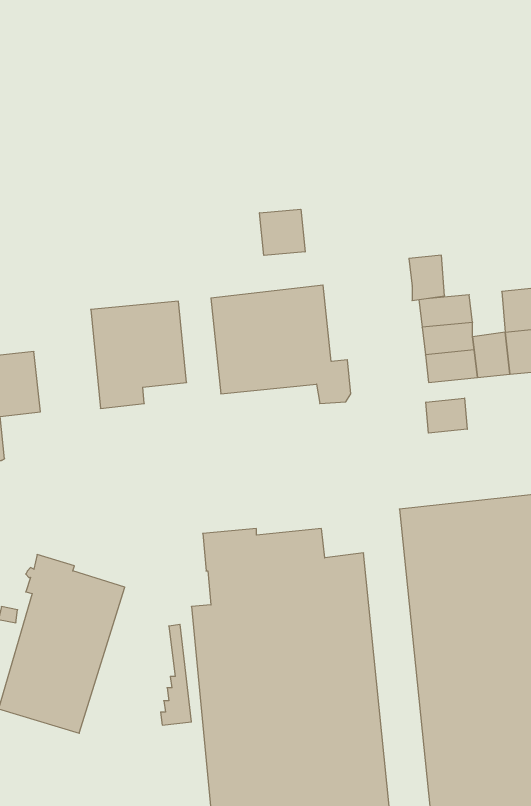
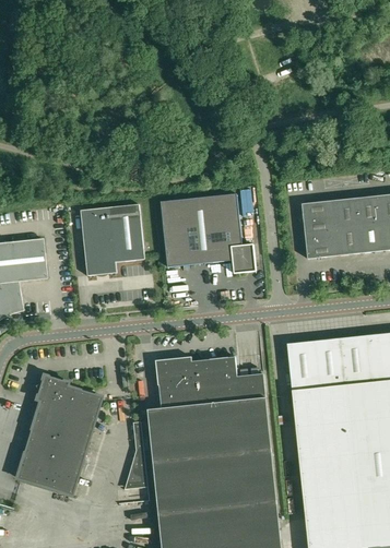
building: [260,209,305,255] -> none
building: [409,255,445,301] -> [334,198,358,228]
building: [426,398,467,433] -> none

